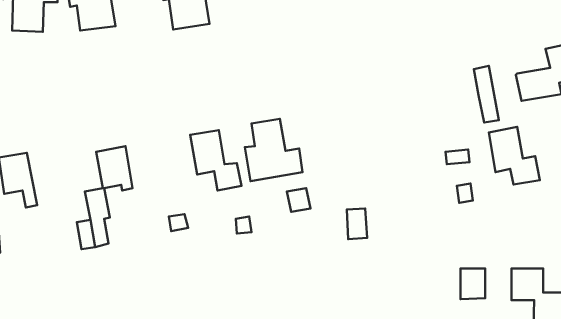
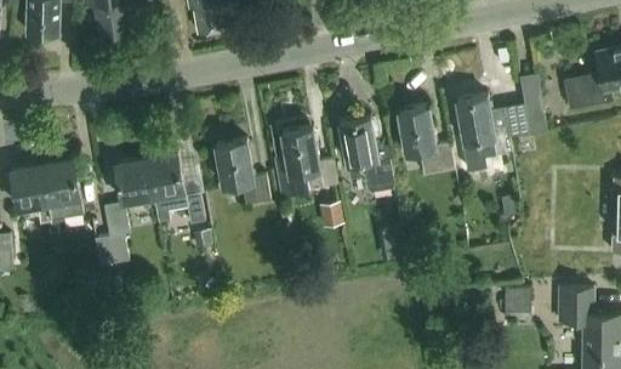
building: none -> [398,107,454,176]
building: none -> [340,118,398,193]
building: [489,127,540,185] -> [457,96,512,158]
building: none -> [147,153,204,225]
building: none -> [41,159,82,221]

